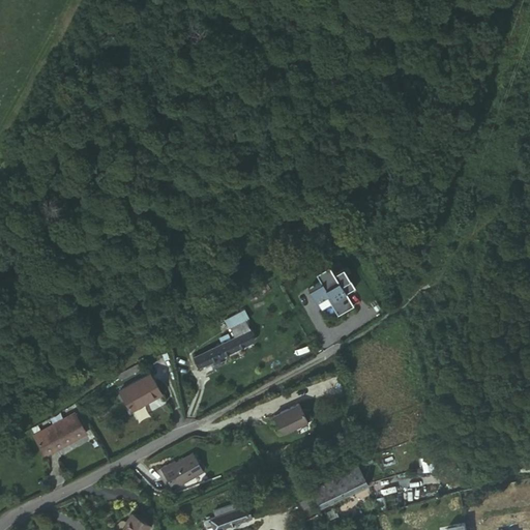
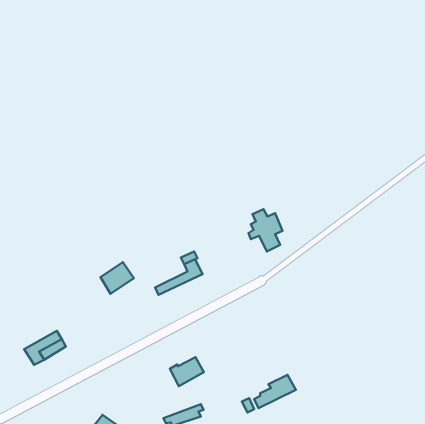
building: [122,376,164,415] -> [100,262,134,294]
building: [274,404,308,435] -> none
building: [160,452,203,489] -> [170,357,204,386]

